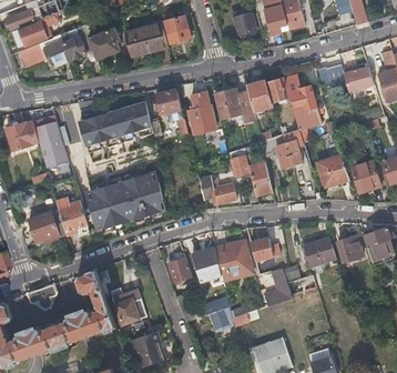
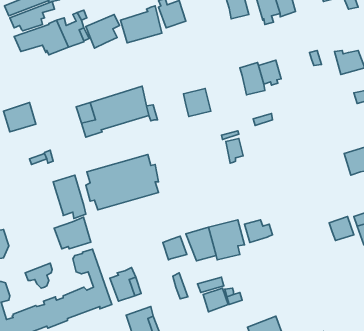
building: [288,82,317,140] -> none
building: [213,88,255,122] -> none
building: [150,89,186,132] -> none
building: [32,115,68,168] -> none
building: [274,142,302,170] -> none
building: [316,153,347,184] -> none
building: [248,160,272,196] -> none
building: [198,177,236,205] -> none
building: [28,208,65,240] -> [54,217,91,249]
building: [303,236,337,265] -> none
building: [264,268,291,305] -> none

